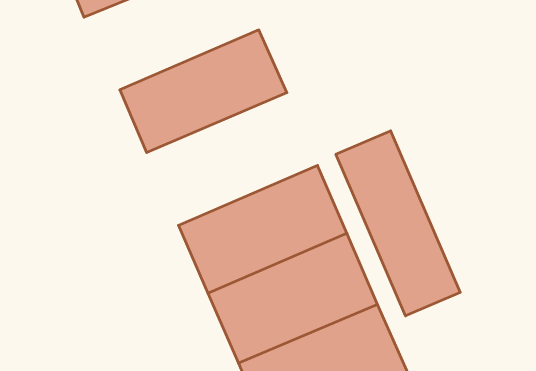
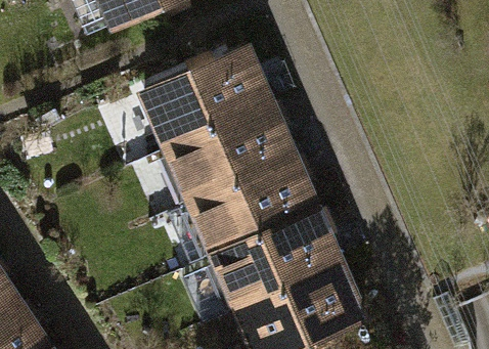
building: none -> [161,100,298,207]
building: [336,131,460,316] -> none

